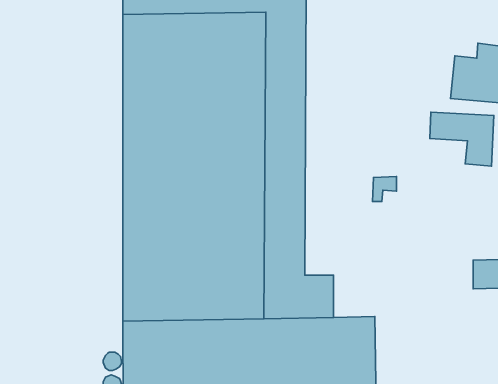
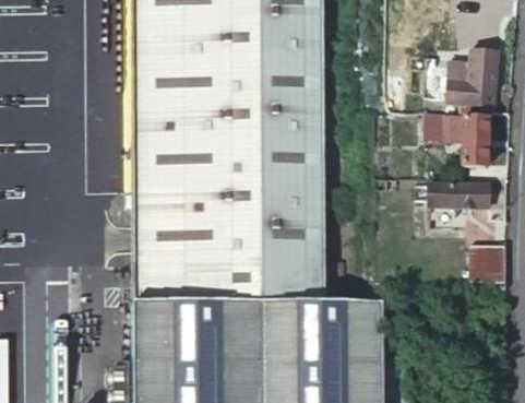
building: none -> [414,185,490,211]

